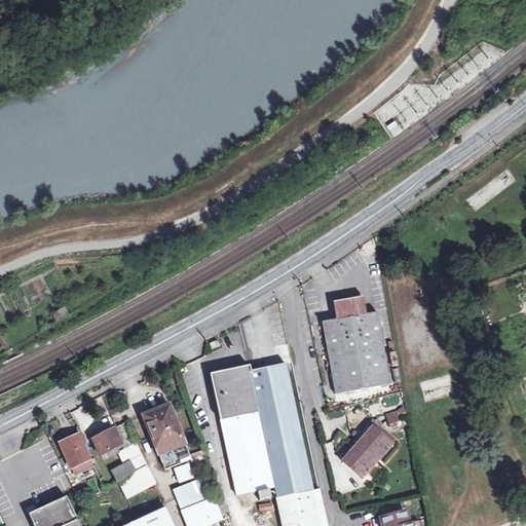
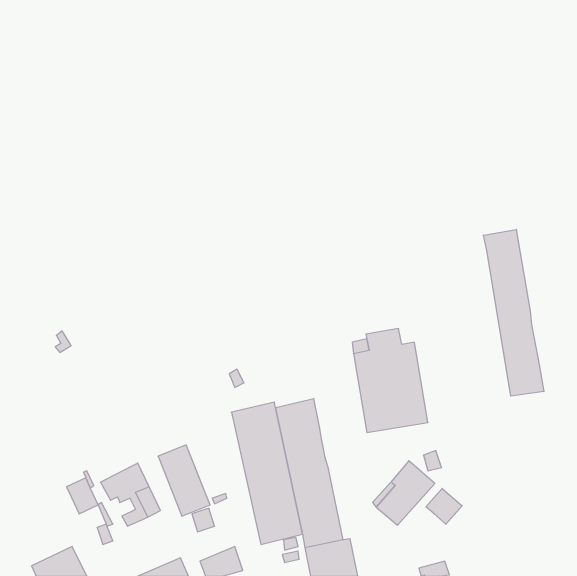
building: none -> [484,229,544,396]
building: none -> [426,488,462,524]
building: [116,464,155,499] -> none
building: [174,477,214,511] -> none

